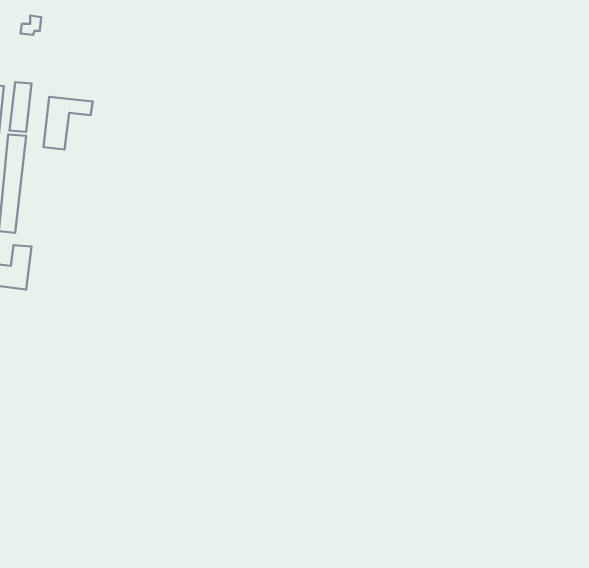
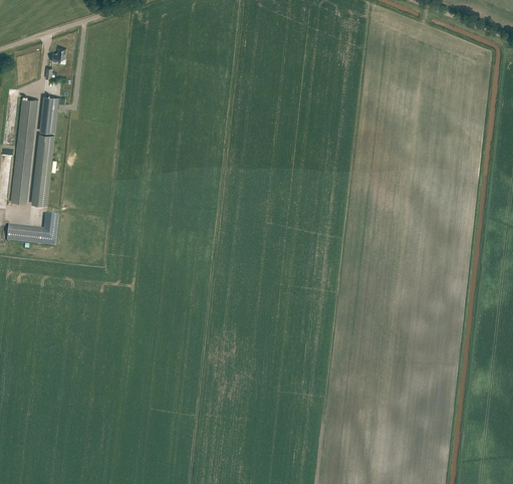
building: [43,97,93,149] -> none

